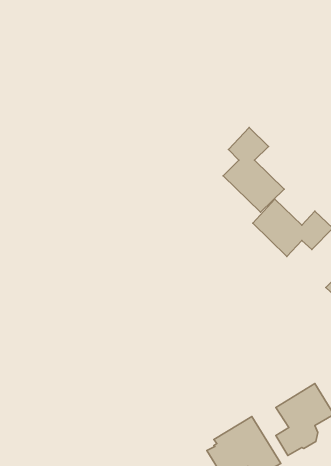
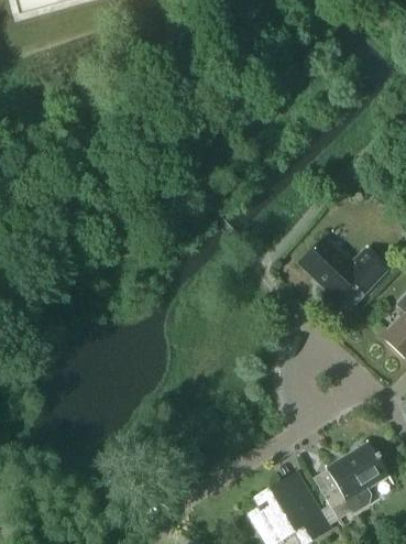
building: [223,127,284,212] -> none

